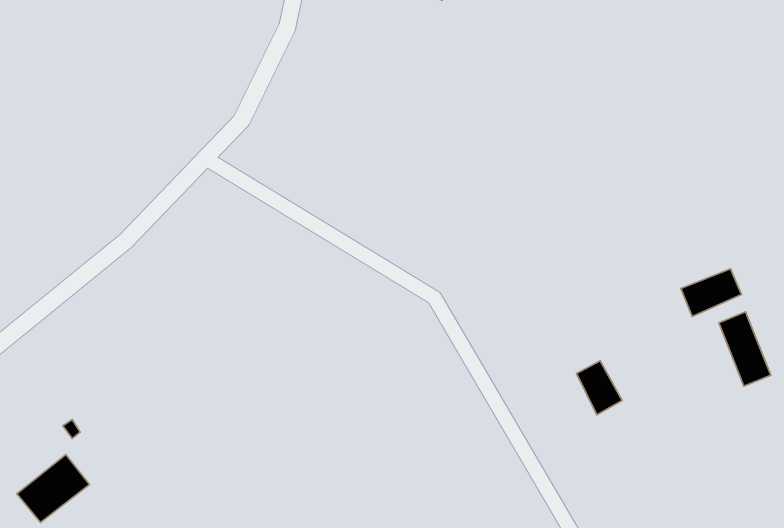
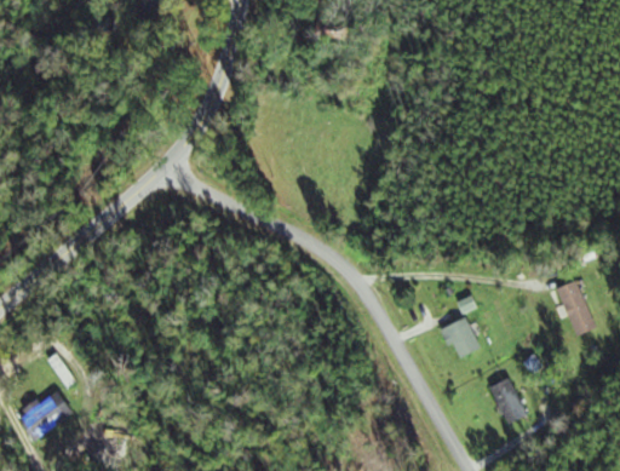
building: [681,269,742,317] -> none
building: none -> [489,378,526,424]

